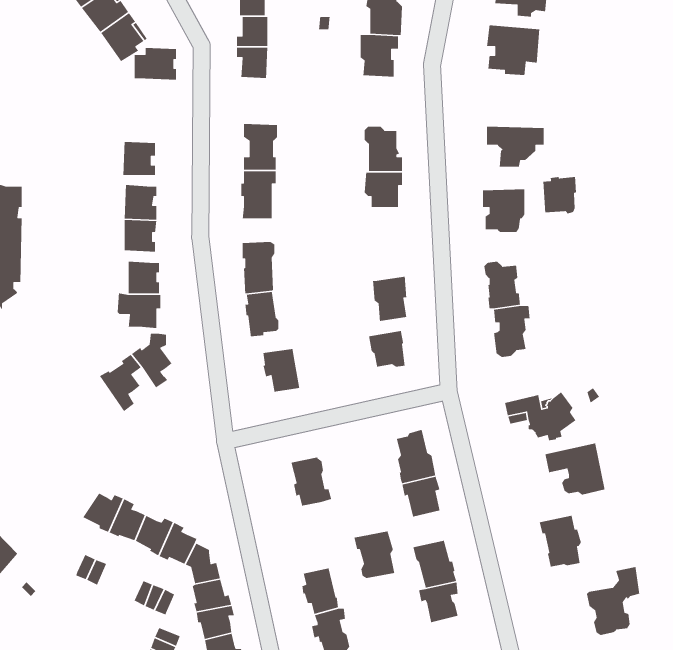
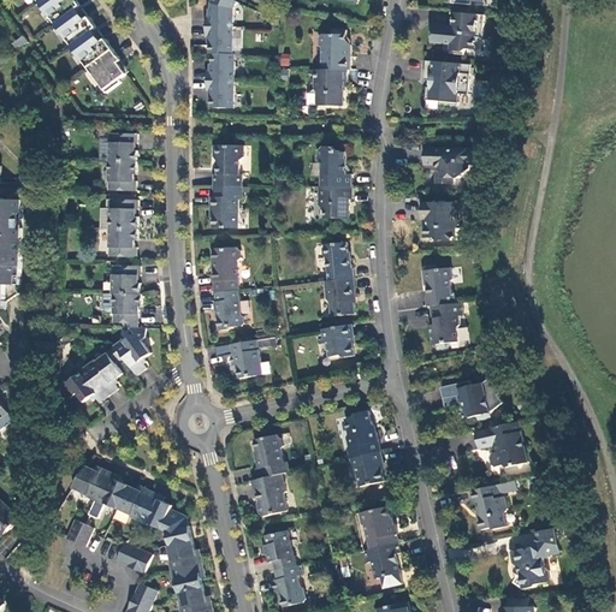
building: [134,47,177,81] -> [99,133,136,162]
building: [543,176,577,215] -> none
building: none -> [321,243,353,281]
building: none -> [59,364,108,402]
building: [354,530,395,579] -> [250,474,286,516]

